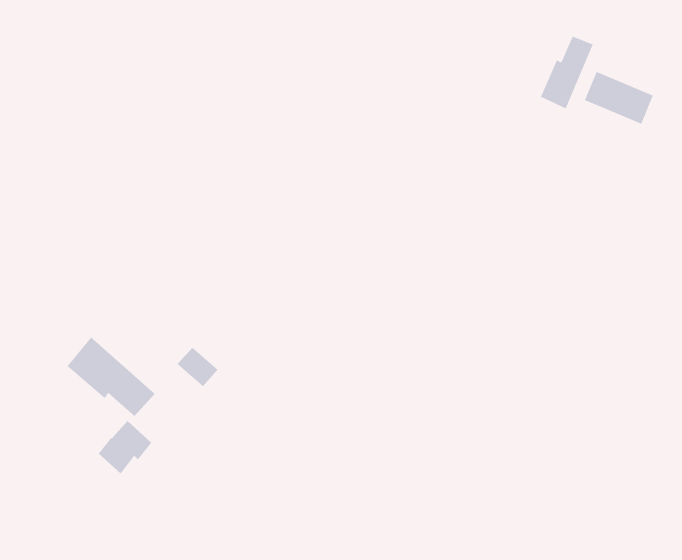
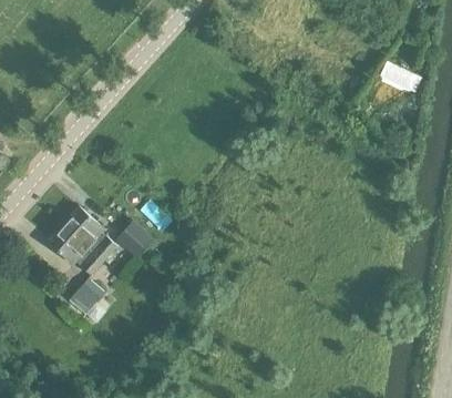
building: [540,36,594,110] -> none
building: none -> [65,207,119,262]

